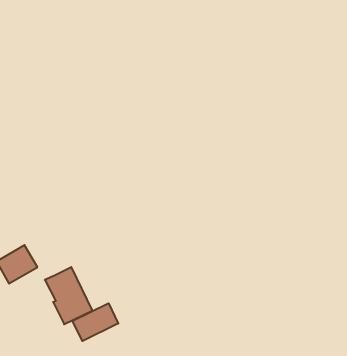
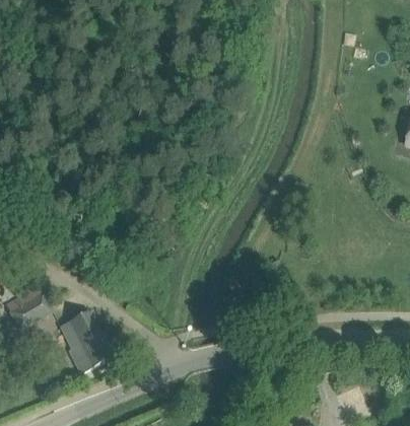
building: [73,303,118,341] -> none

